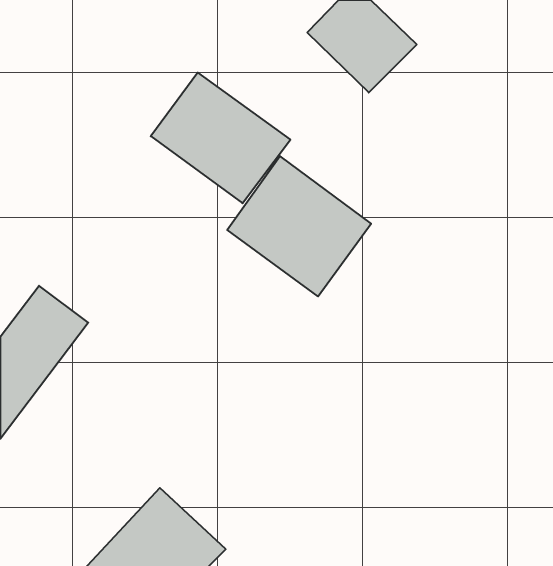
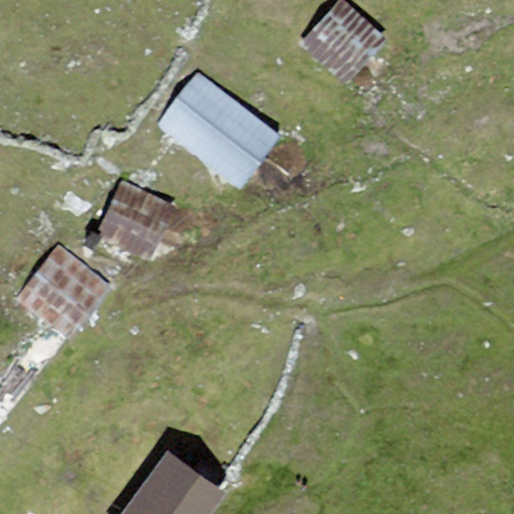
building: [227,156,371,296] -> none
building: none -> [86,179,172,266]

